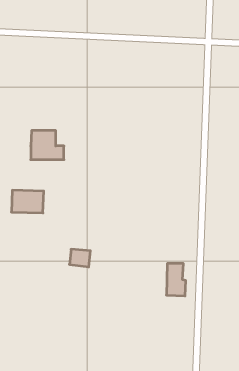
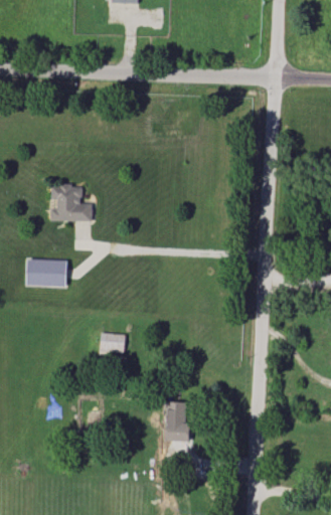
building: [166,264,186,296] -> [165,401,189,442]

